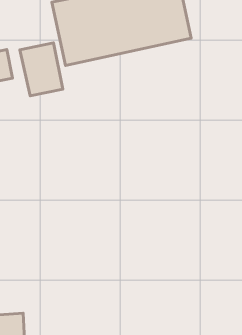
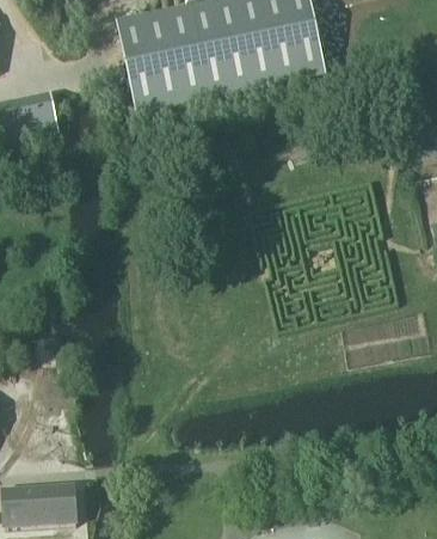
building: [20,43,63,96] -> none

